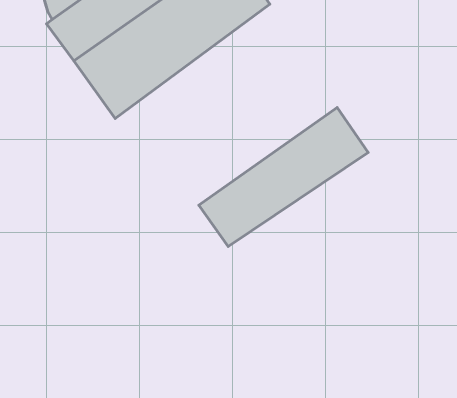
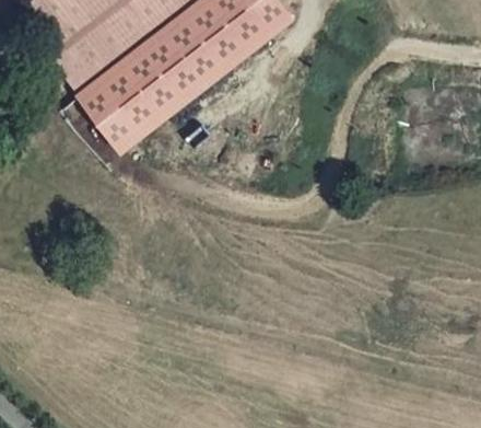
building: [199,108,368,247] -> none

